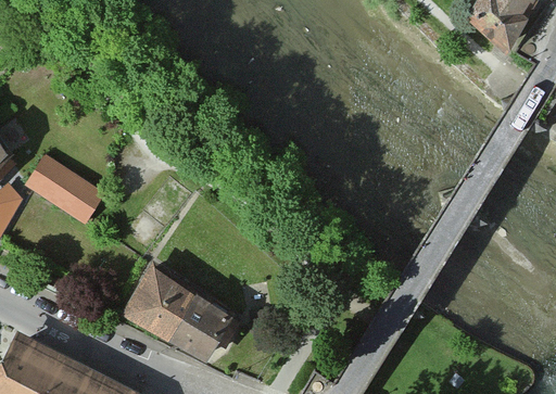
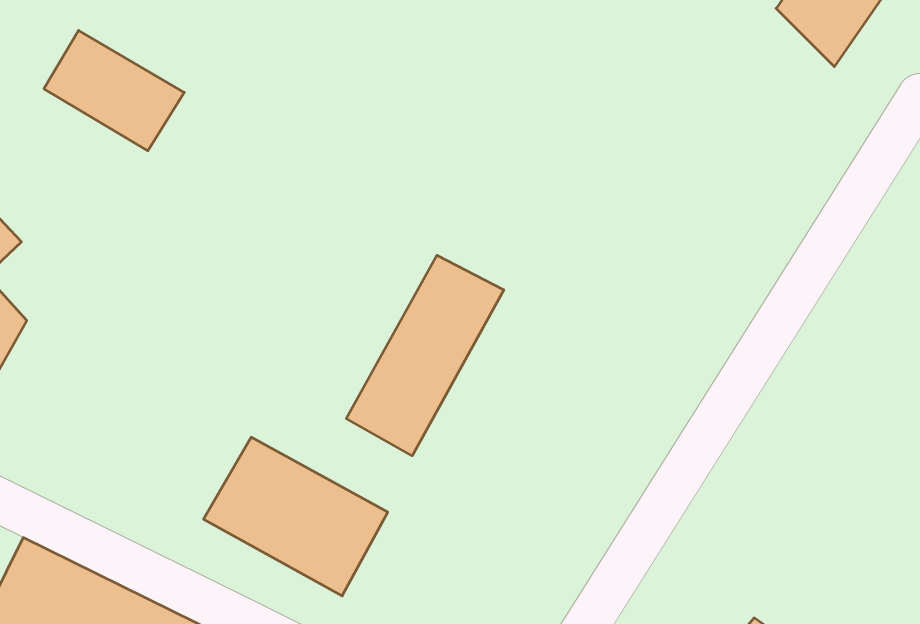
building: [20,152,103,224] -> [44,30,184,151]
building: none -> [346,255,504,456]

